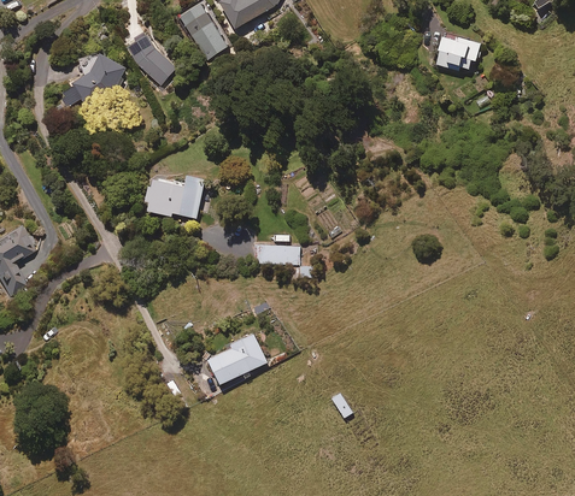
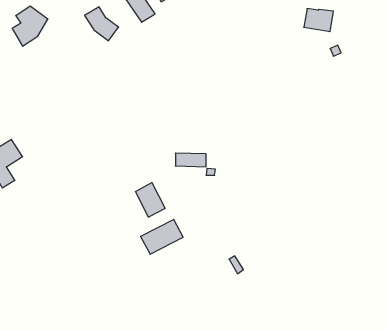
building: [74,51,124,107] -> [12,6,48,46]
building: [146,177,204,218] -> none
building: none -> [135,183,165,217]

